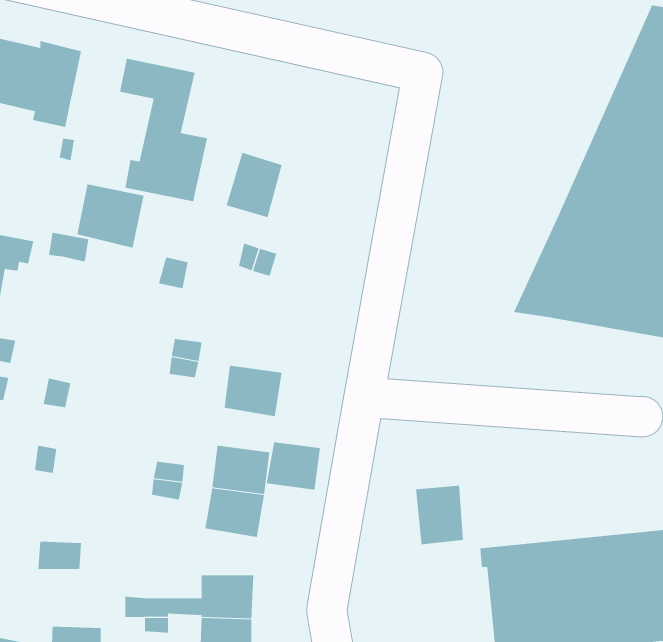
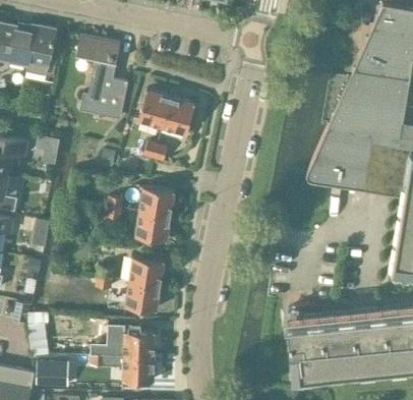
building: none -> [162,97,194,133]
building: [77,184,144,248] -> none
building: none -> [139,187,173,216]
building: [266,441,321,490] -> none
building: [415,485,463,545] -> none

